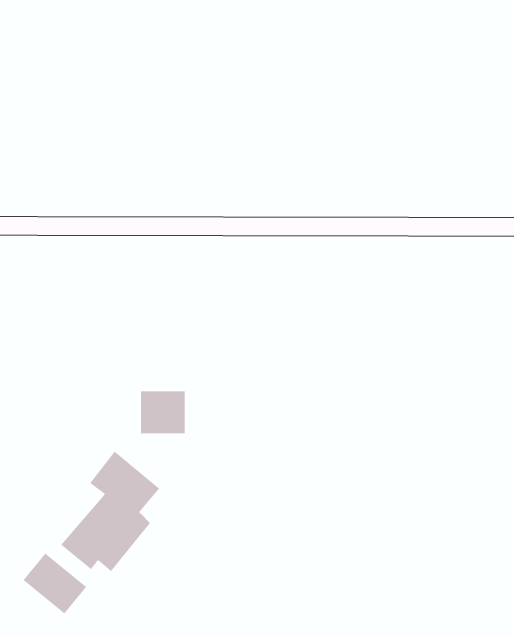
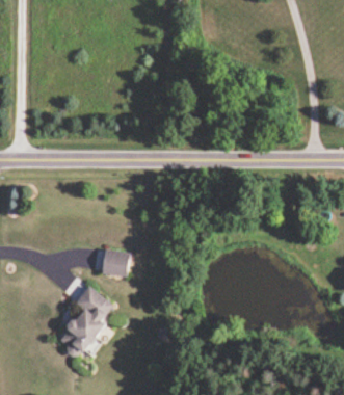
building: [23,552,87,614] -> none

